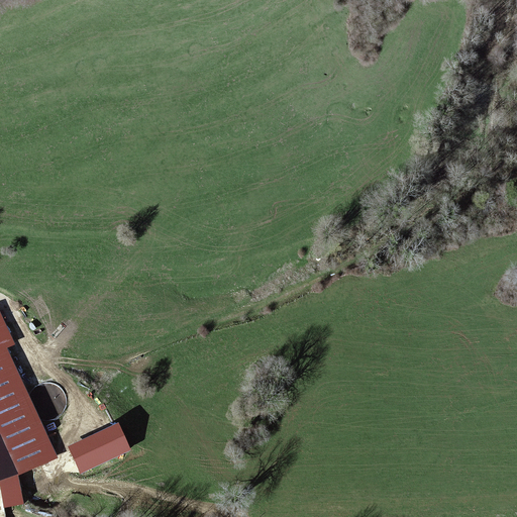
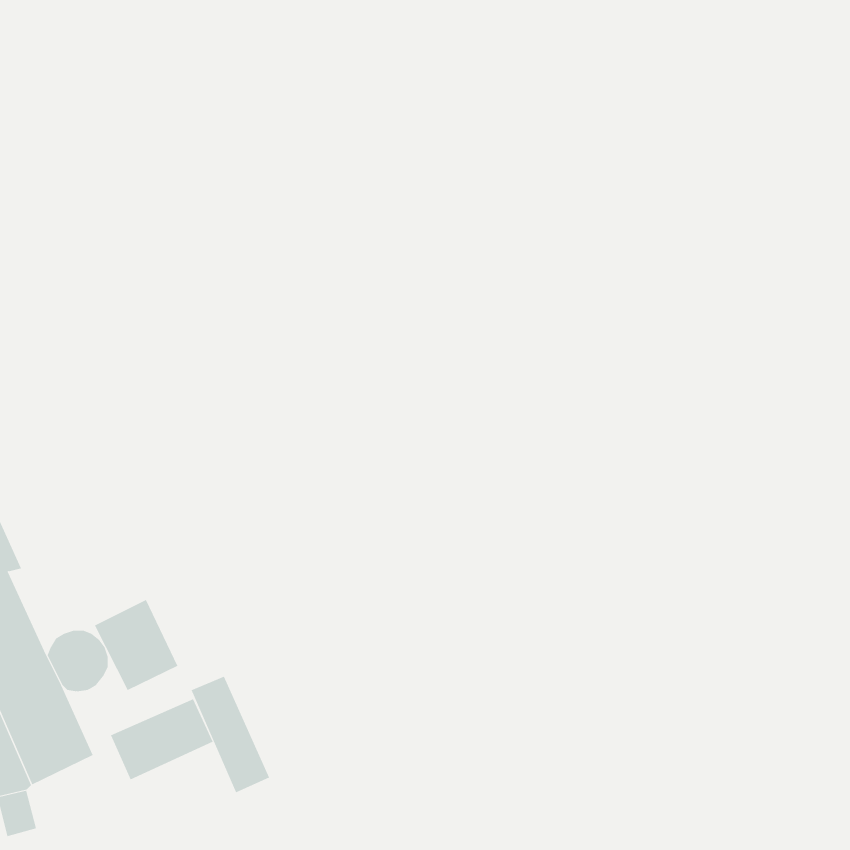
building: none -> [94,599,178,691]
building: none -> [191,676,270,793]

